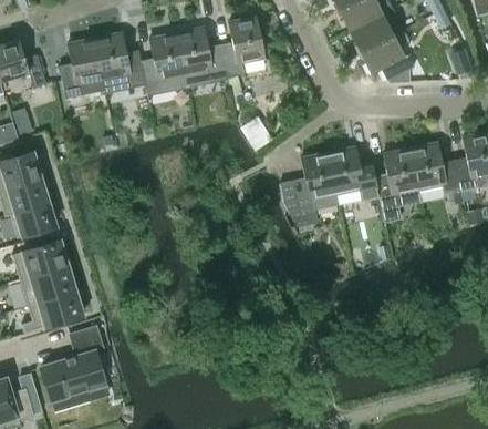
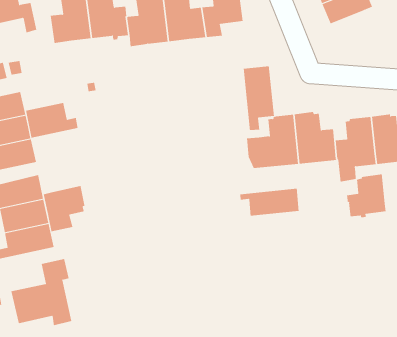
building: [360,30,416,80] -> none
building: none -> [243,66,274,131]
building: none -> [25,102,78,139]
building: none -> [347,174,386,218]
building: none -> [240,188,299,217]
building: none -> [43,185,85,232]

